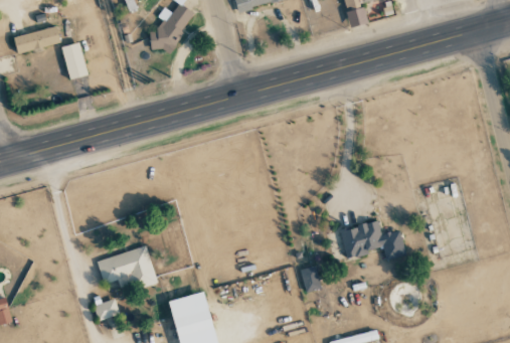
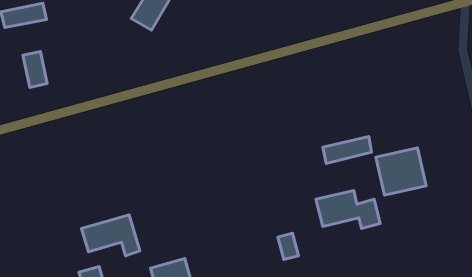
building: [61,41,87,78] -> [23,51,47,87]
building: none -> [323,136,372,164]
building: none -> [376,148,426,195]

